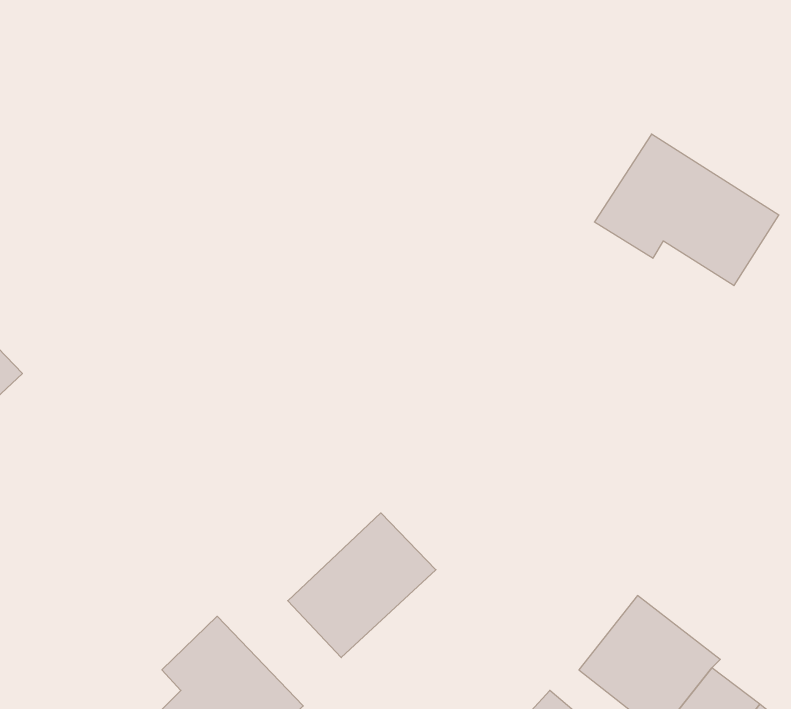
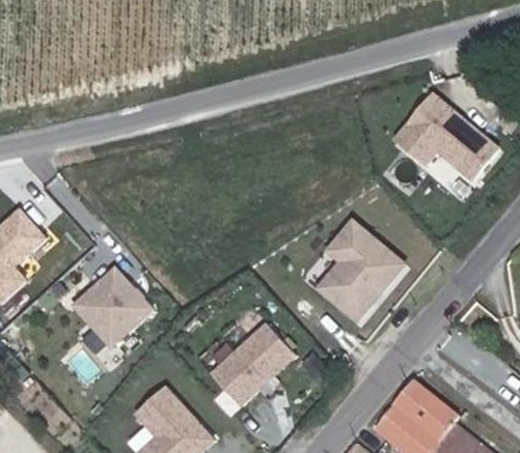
building: none -> [310,219,407,329]
building: none -> [67,265,155,352]

